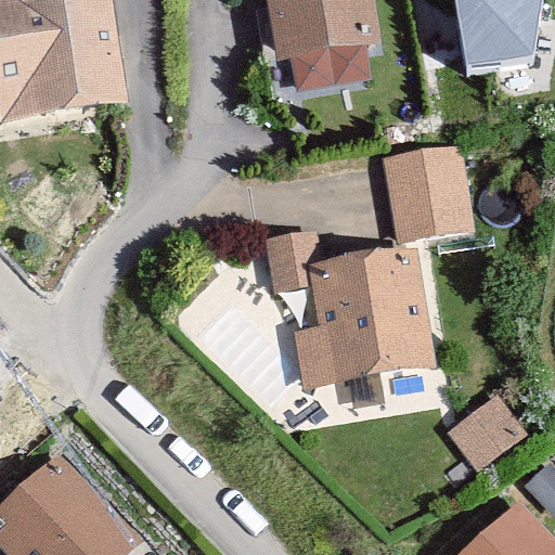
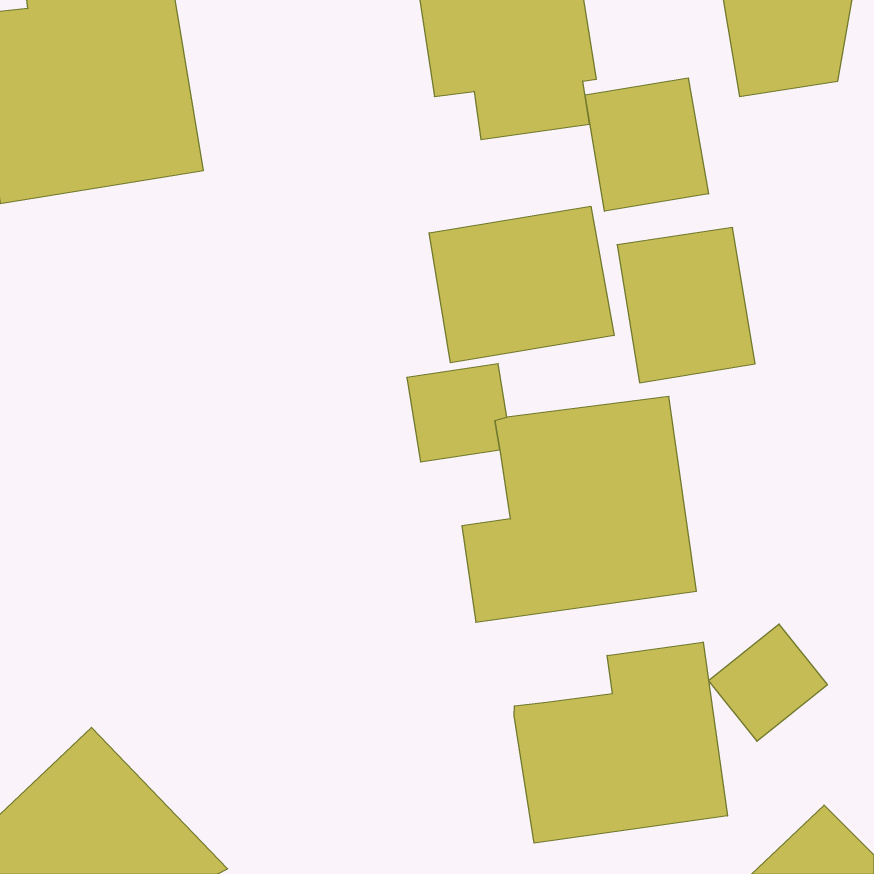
building: none -> [585,78,709,211]
building: none -> [429,206,614,363]
building: none -> [514,642,727,843]

